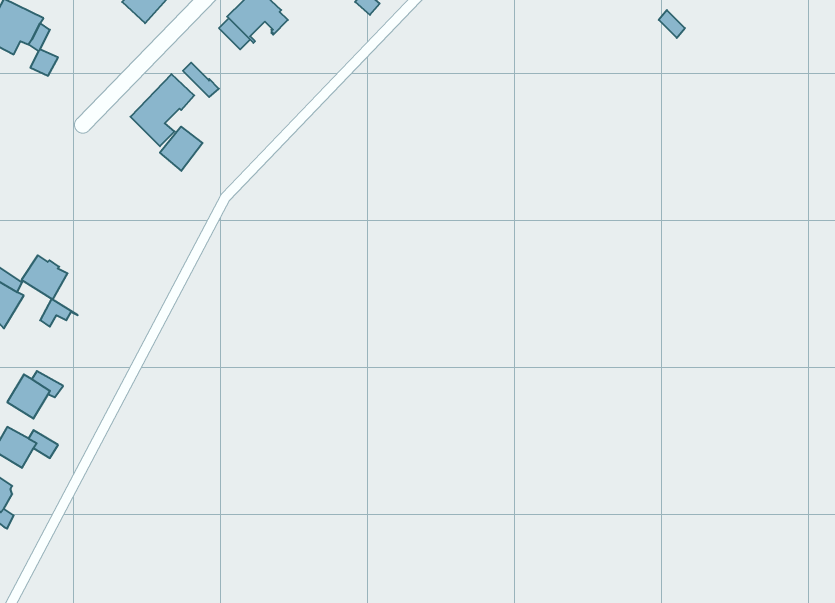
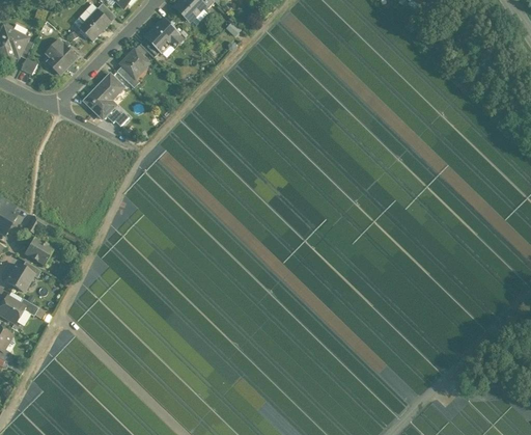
building: none -> [47,39,76,74]
building: none -> [119,48,147,77]
building: [22,255,68,300] -> [23,237,52,265]

